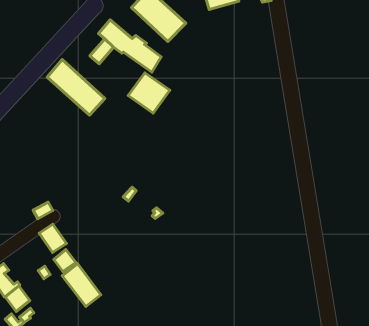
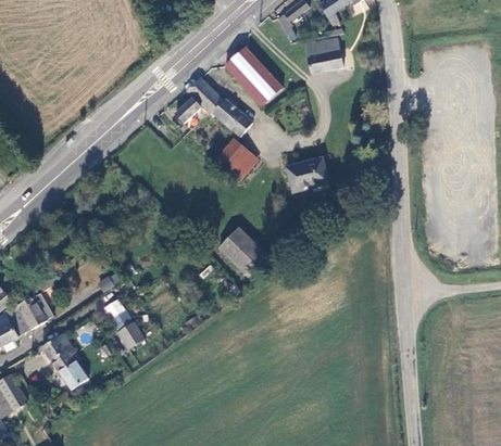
building: [47,59,105,115] -> none
building: none -> [286,155,331,193]
building: none -> [218,226,270,277]
building: [62,264,101,307] -> none

